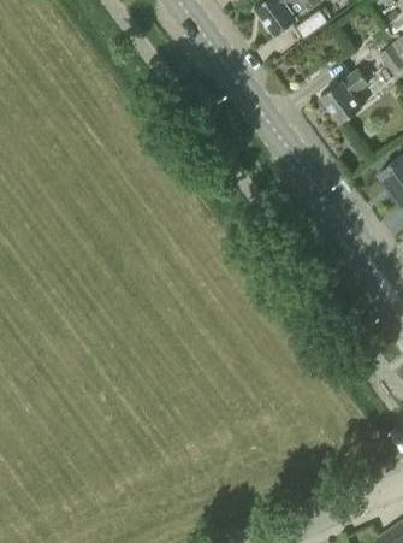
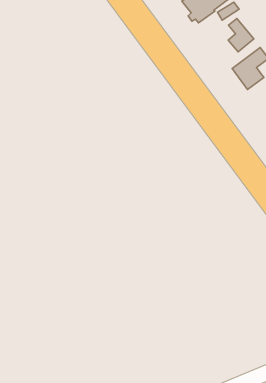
building: none -> [228,18,254,52]

